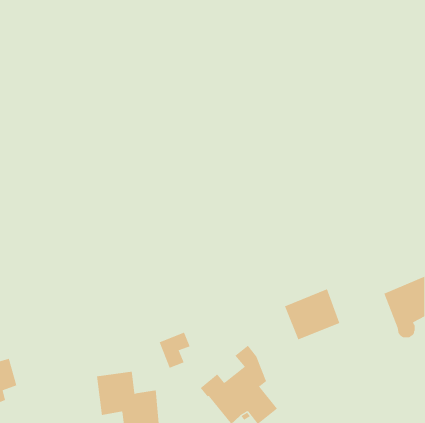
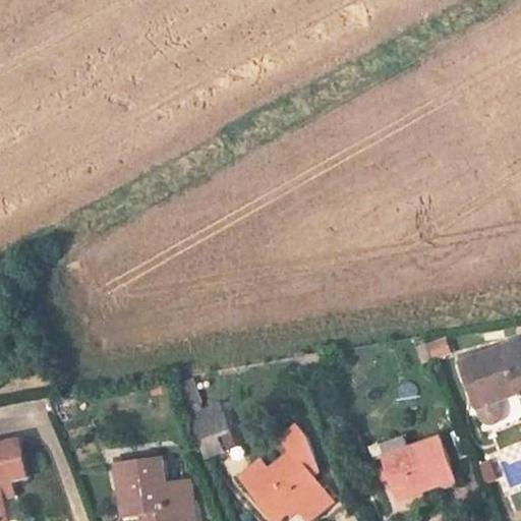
building: [284,288,340,340] -> [387,436,454,498]

